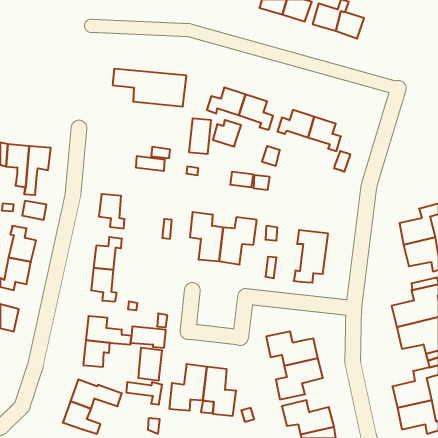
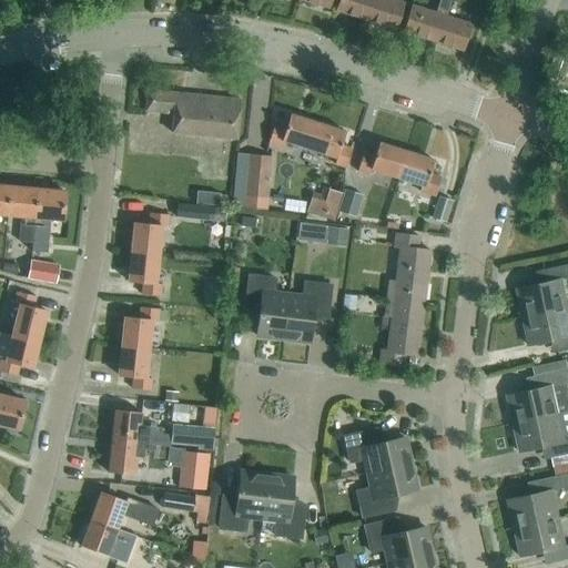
building: [213,120,241,147] -> [308,185,345,220]
building: none -> [132,211,169,253]
building: none -> [387,233,432,302]

